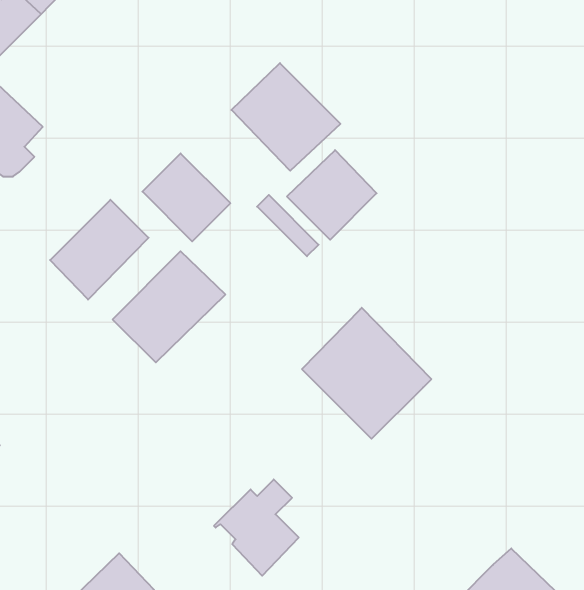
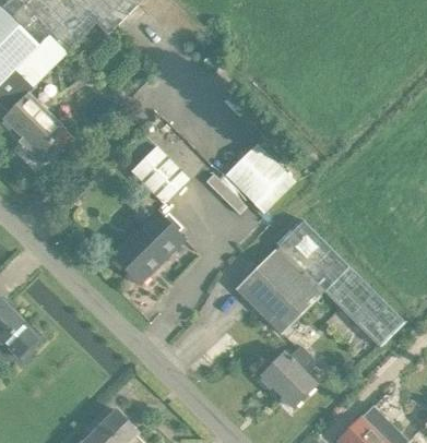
building: [231,63,340,171] -> none
building: [50,200,149,300] -> none
building: none -> [275,219,405,346]
building: [214,479,299,576] -> [261,345,317,408]

